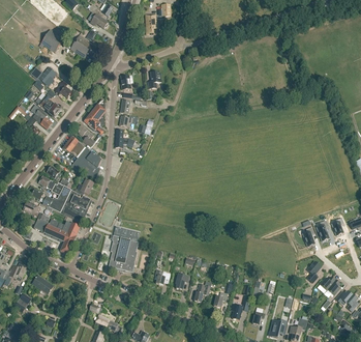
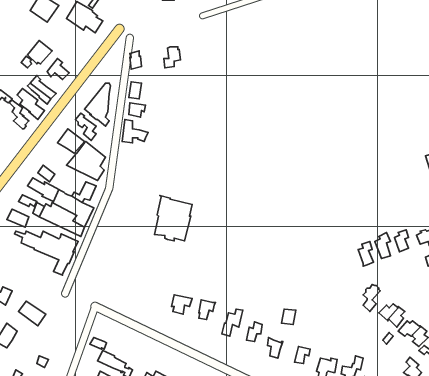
building: [109,235,139,272] -> [155,195,192,241]

